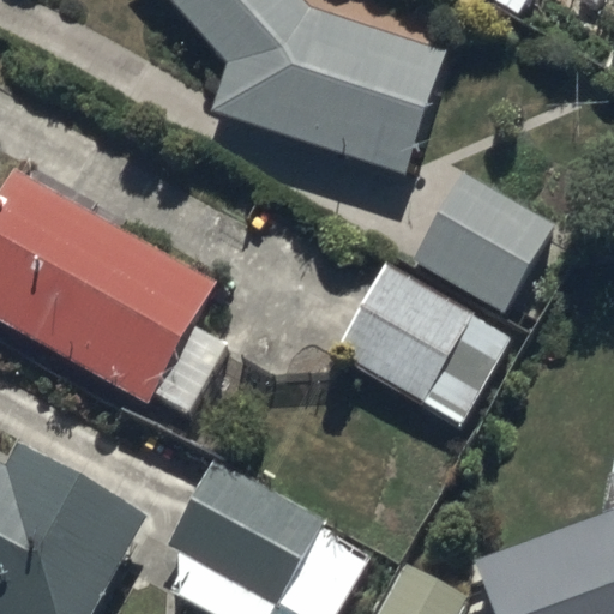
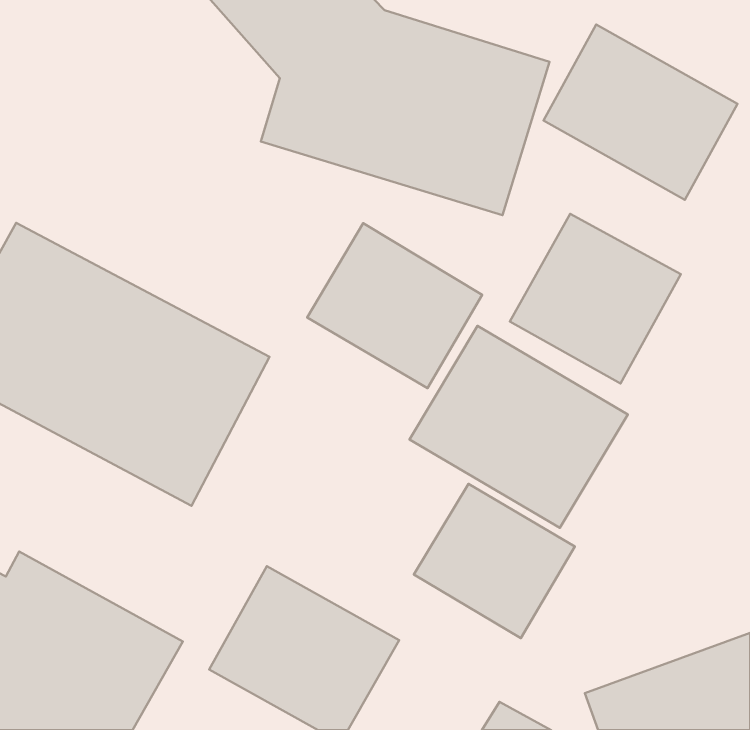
building: none -> [543,24,738,200]
building: none -> [307,223,482,388]
building: none -> [414,484,575,638]

